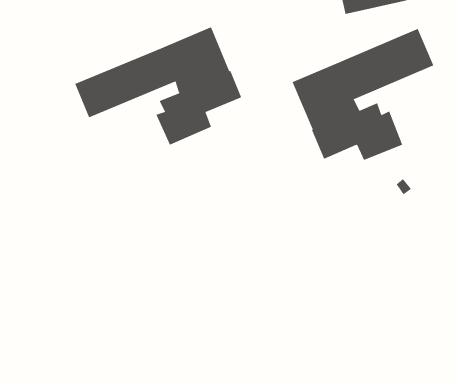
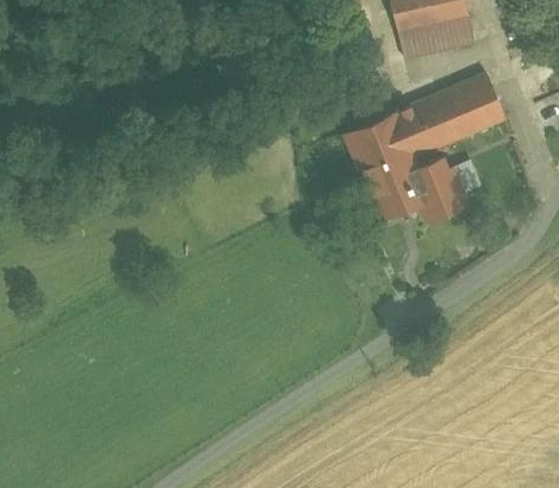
building: [75,26,242,146] -> none

